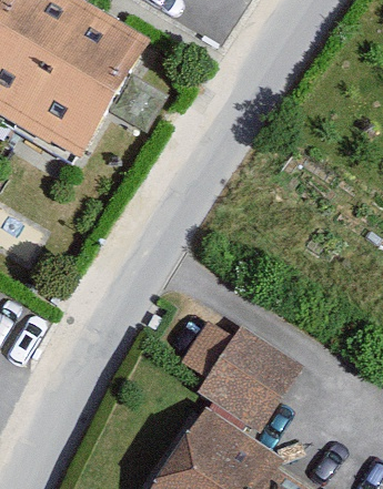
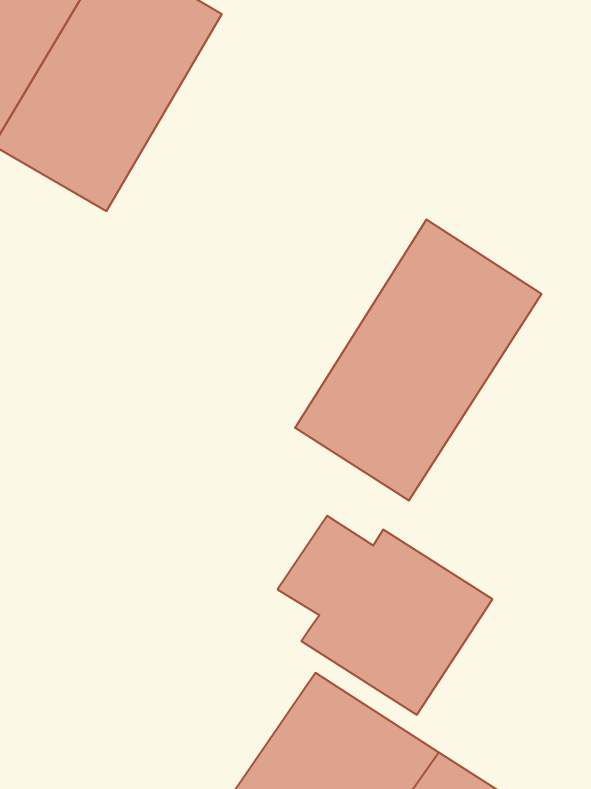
building: none -> [295,219,541,501]

